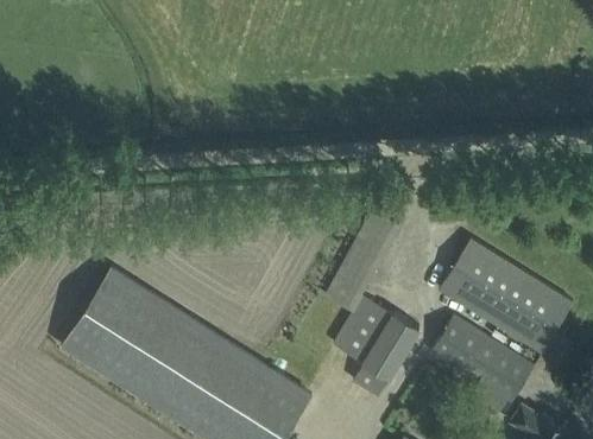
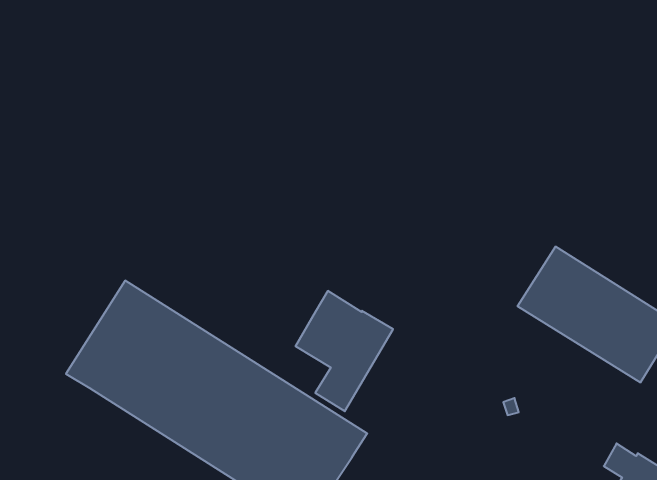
building: [337,295,419,396] -> [295,291,393,411]
building: [430,316,535,402] -> none

